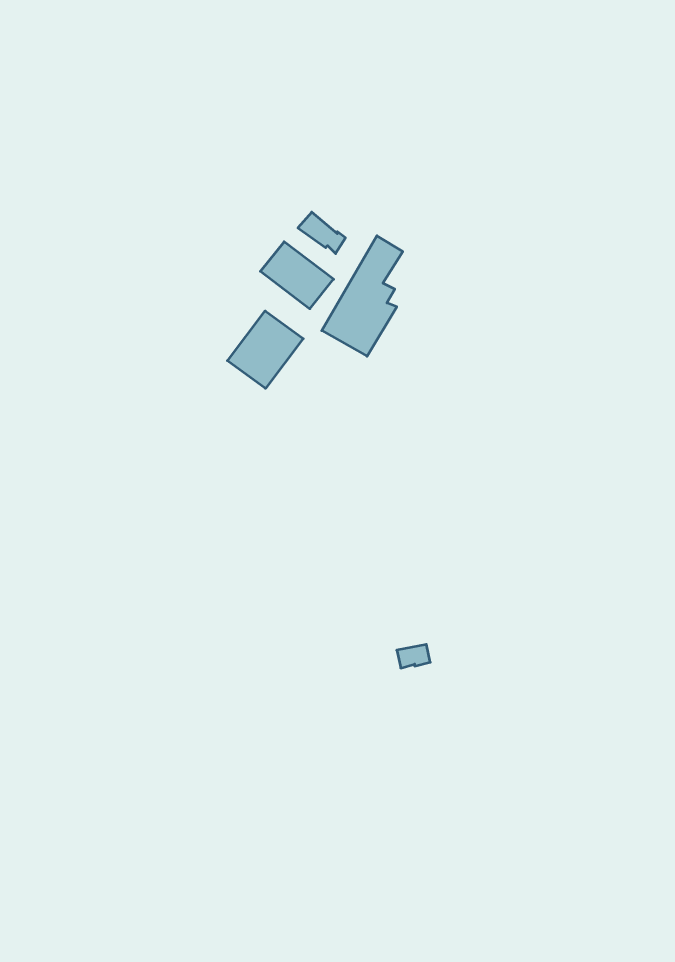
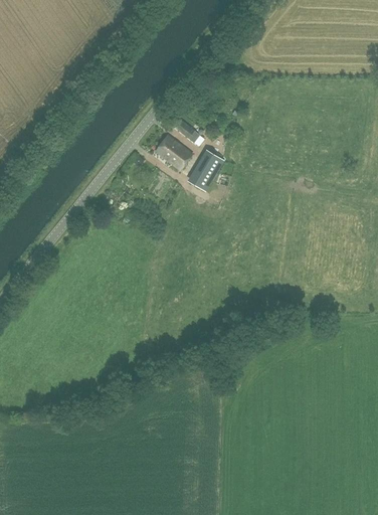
building: [227,311,303,388] -> none

